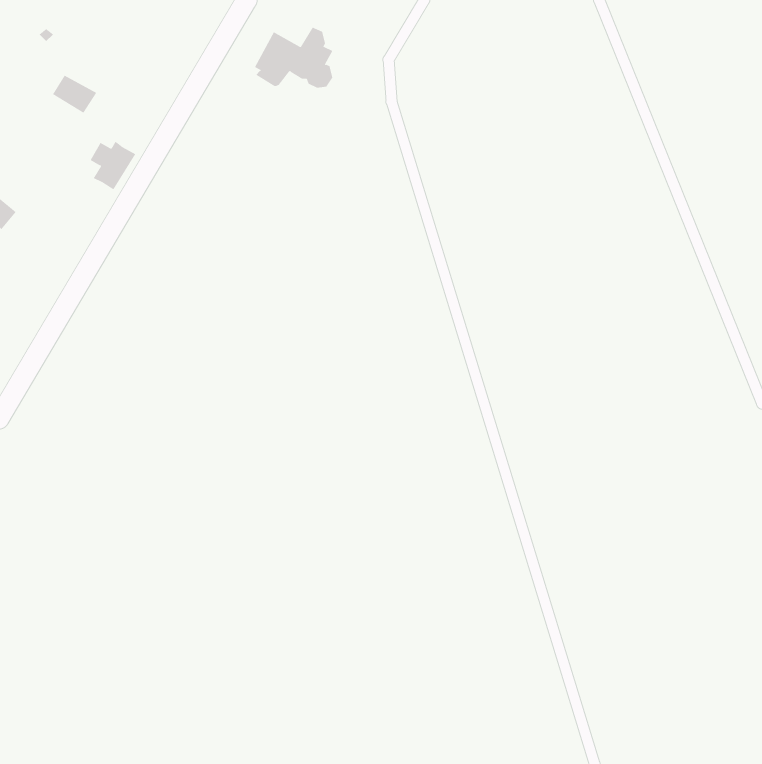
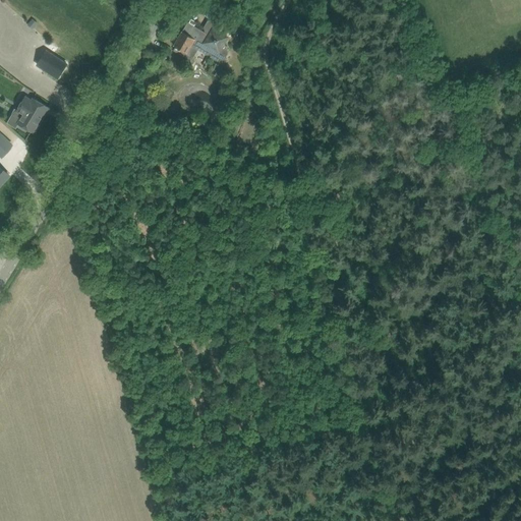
building: [90,141,136,190] -> [15,98,47,131]

